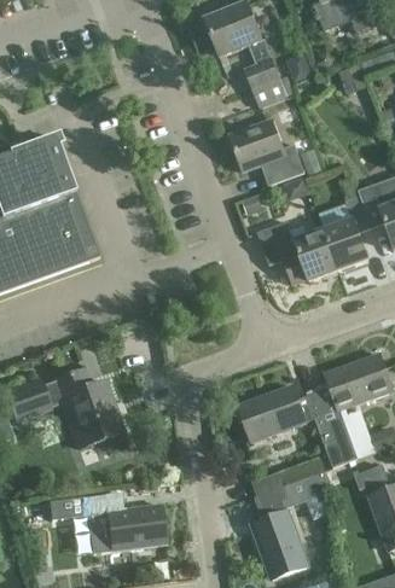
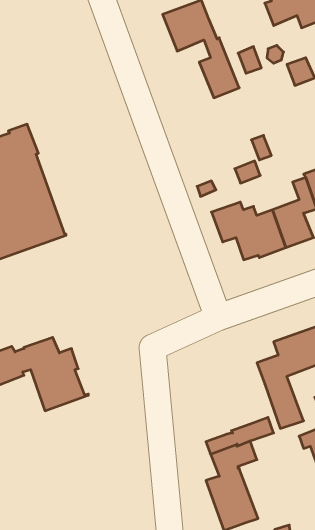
building: [230,120,304,186] -> none
building: [238,385,315,442] -> none
building: [50,491,165,554] -> none

